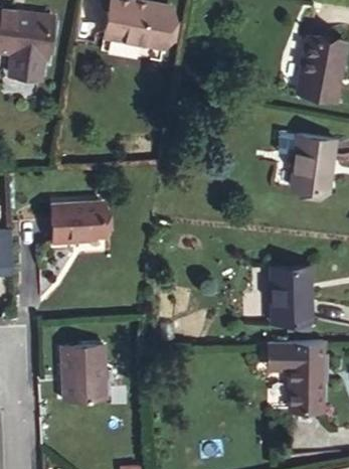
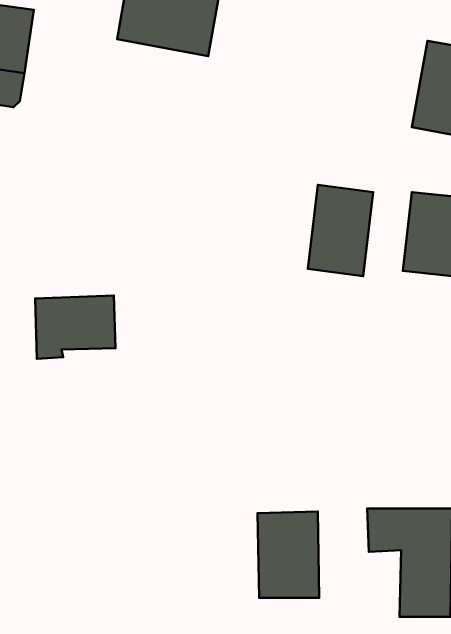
building: none -> [308,185,373,276]
building: [272,267,312,323] -> [258,511,319,598]
building: [62,345,107,402] -> none

